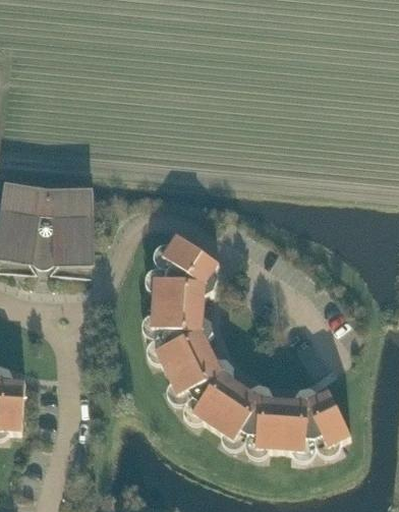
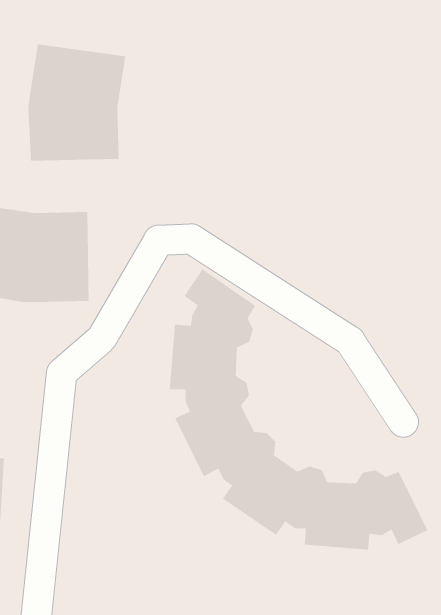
building: none -> [28,44,126,161]

